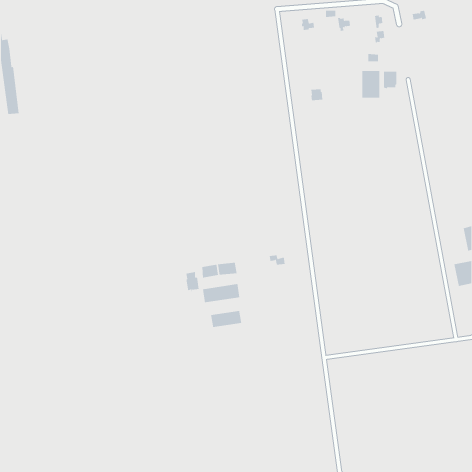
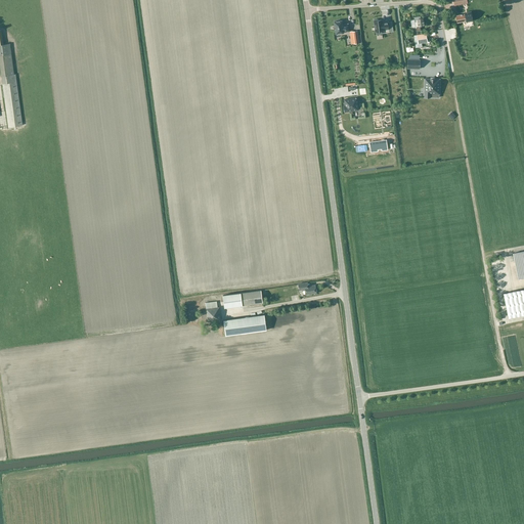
building: [362,70,380,99] -> none
building: [211,310,242,328] -> none

